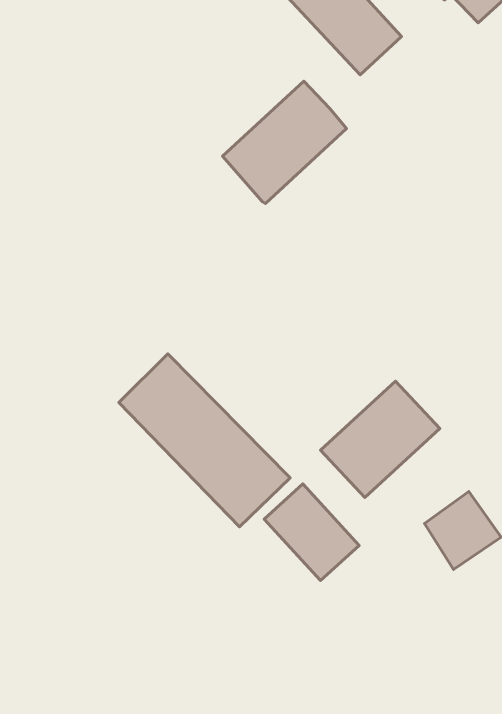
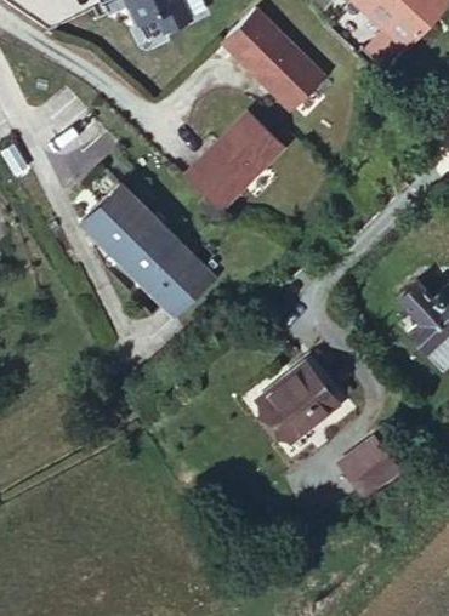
building: [119,354,290,527] -> [83,184,218,321]
building: [264,484,359,580] -> none

